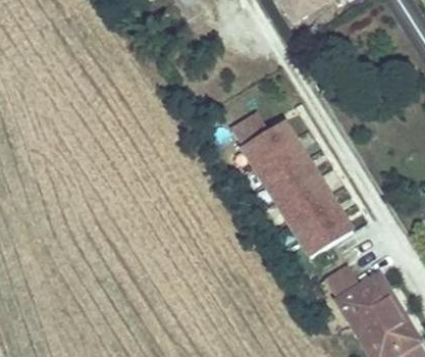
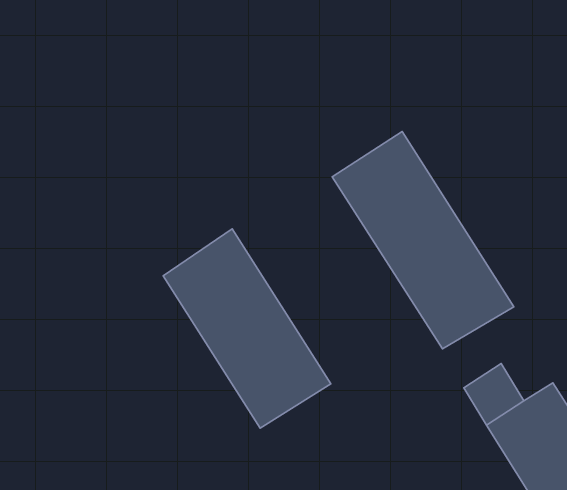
building: none -> [163,229,331,428]

